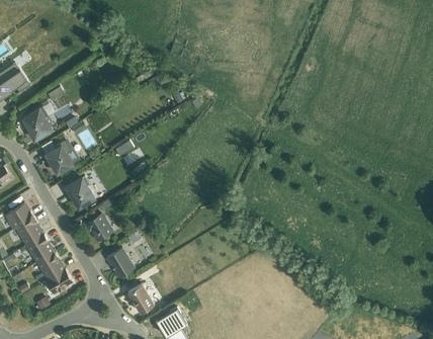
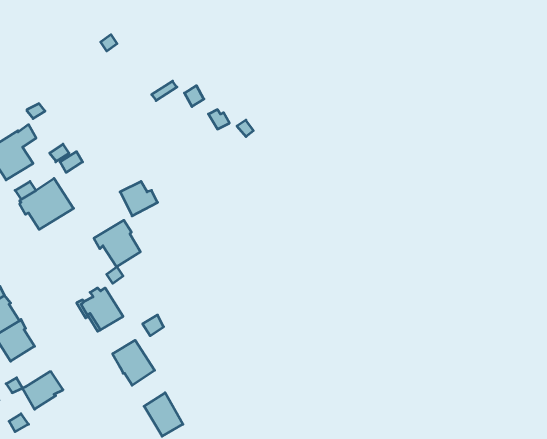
building: [64,176,95,207] -> [94,220,140,267]
building: [37,252,64,279] -> none

